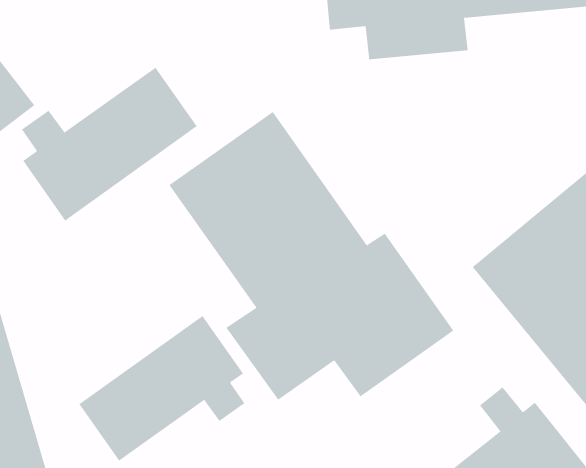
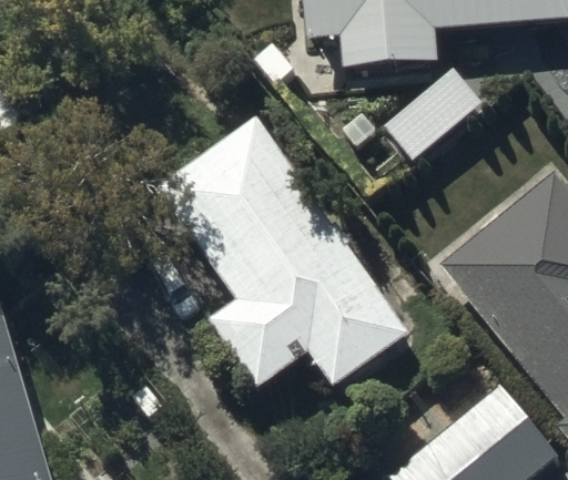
building: [21,67,198,221] -> none
building: [78,315,245,461] -> none

